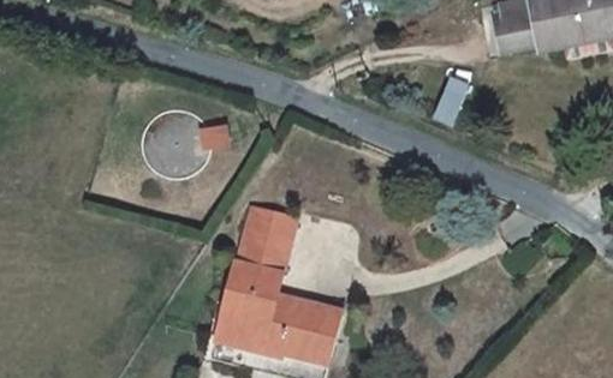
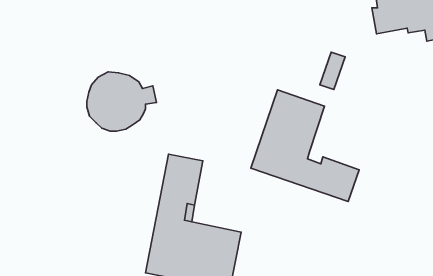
building: none -> [251,90,359,201]

